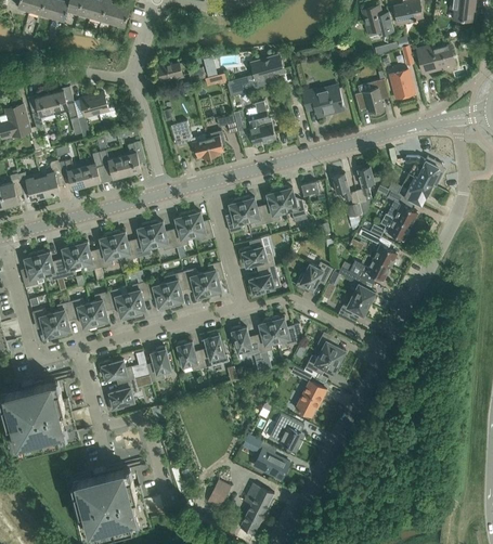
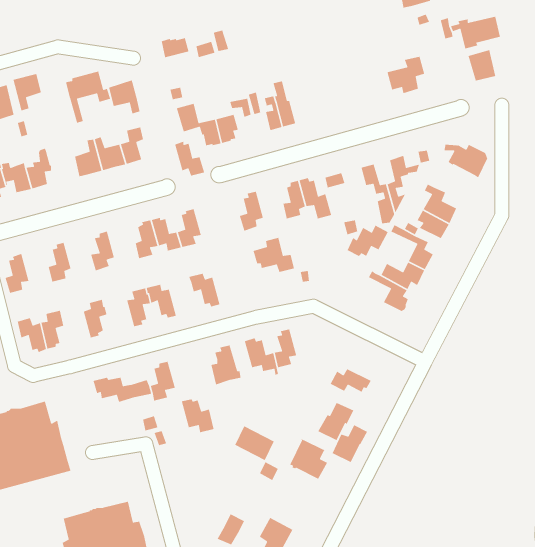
building: [228,55,283,96] -> none
building: [389,69,414,98] -> [468,49,496,81]
building: [301,85,343,117] -> none
building: [49,86,77,118] -> [108,77,140,114]
building: [57,159,86,189] -> none
building: [387,172,431,206] -> none
building: [241,195,267,225] -> none
building: [186,209,213,241] -> [174,140,205,176]
building: [111,230,138,260] -> none
building: [73,239,100,271] -> none
building: [36,249,62,281] -> none
building: [203,261,223,297] -> none
building: [295,261,332,289] -> [347,225,389,257]
building: [247,265,277,297] -> none
building: [165,272,185,307] -> none
building: [106,288,133,319] -> none
building: [337,295,368,324] -> none
building: [69,298,95,328] -> none
building: [270,315,302,346] -> none
building: [316,332,346,363] -> none
building: [176,340,205,371] -> [181,398,214,433]
building: [107,378,138,411] -> none
building: none -> [332,424,368,463]
building: [254,448,289,479] -> [234,425,275,461]

